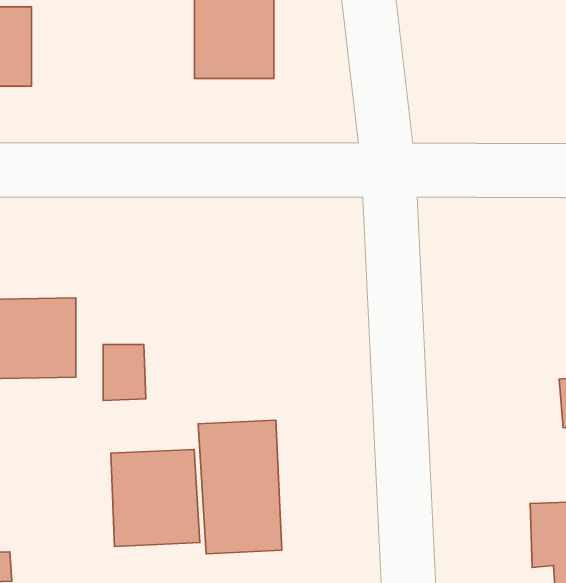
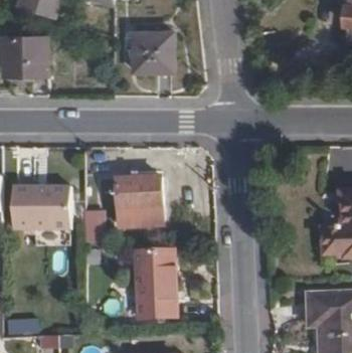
building: [111,449,200,546] -> [117,176,163,226]

